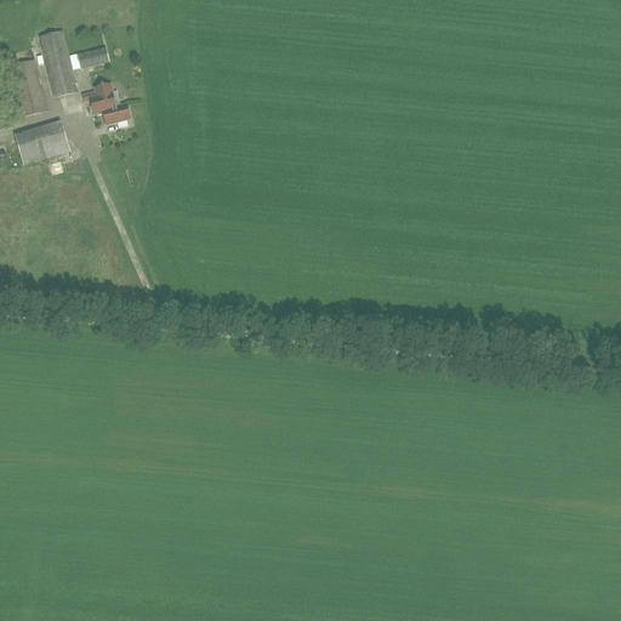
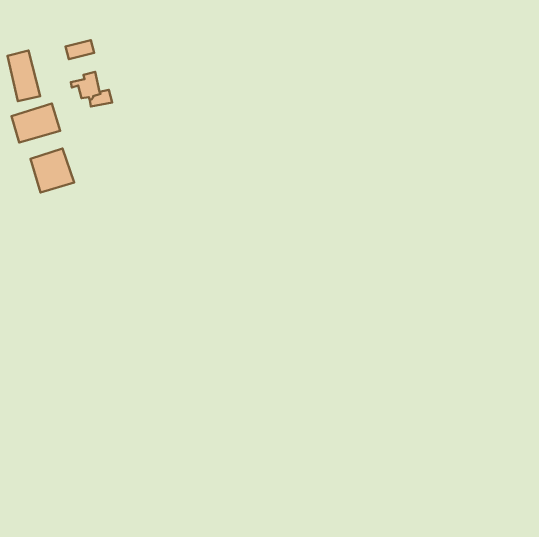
building: [39,30,76,96] -> none
building: none -> [30,148,74,193]

